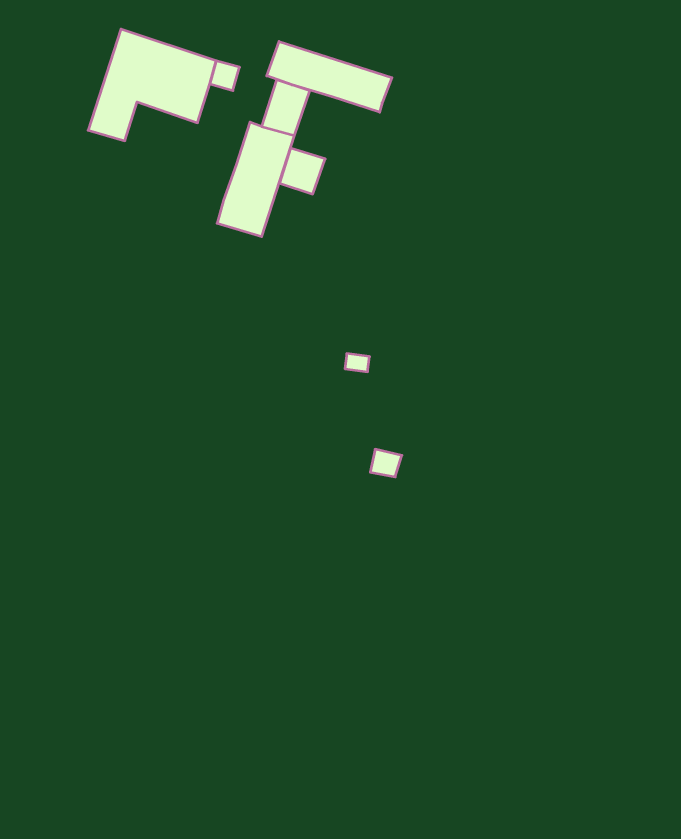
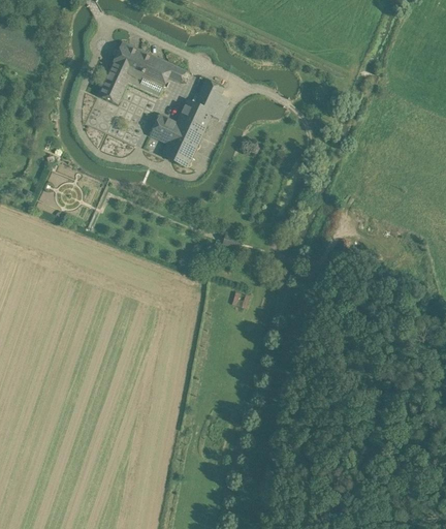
building: [267,41,392,112] -> none
building: [280,148,325,194] -> [150,117,177,144]

